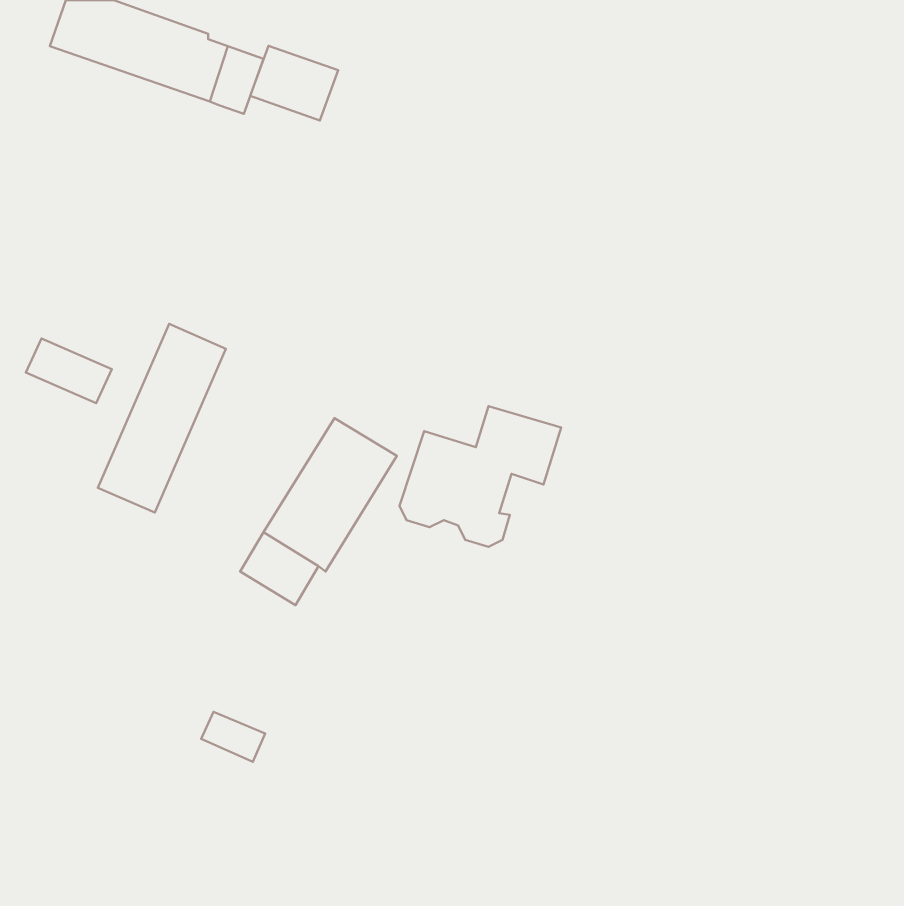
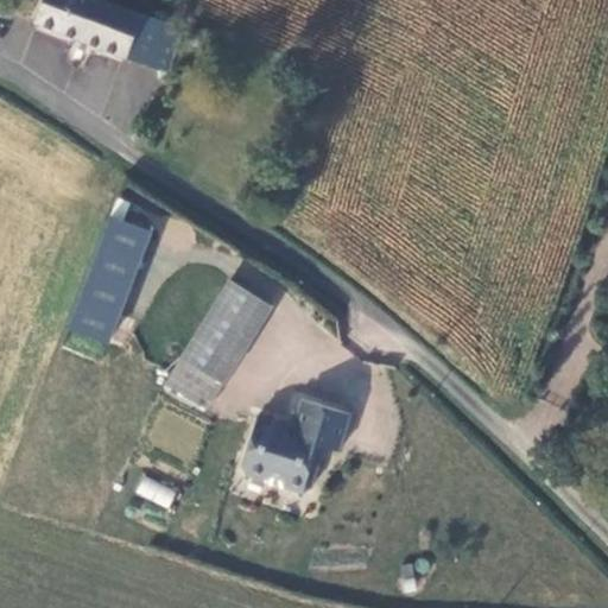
building: [250,46,338,120] -> none
building: [26,338,112,403] -> none
building: [399,406,561,547] -> [243,392,352,486]

